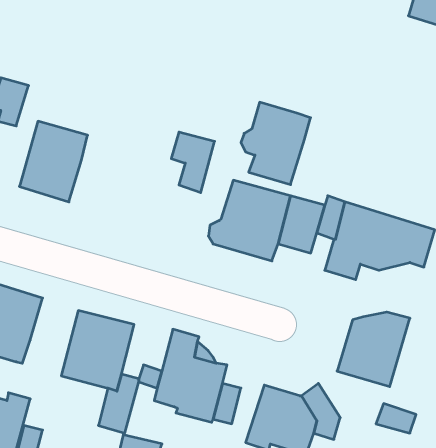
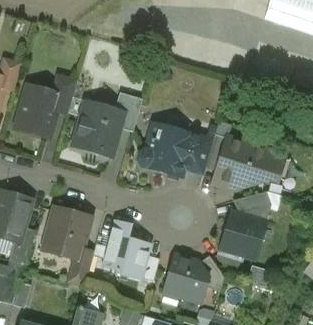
building: [241,102,311,185] -> [78,102,123,155]
building: none -> [53,73,77,113]
building: none -> [233,190,271,212]
building: none -> [9,226,34,264]

